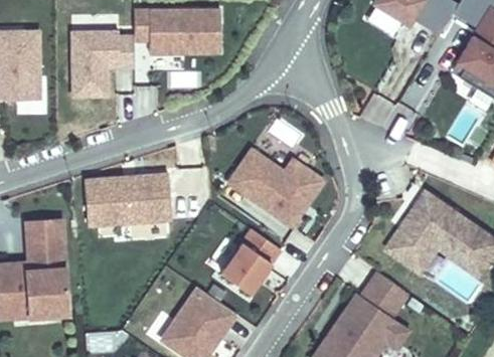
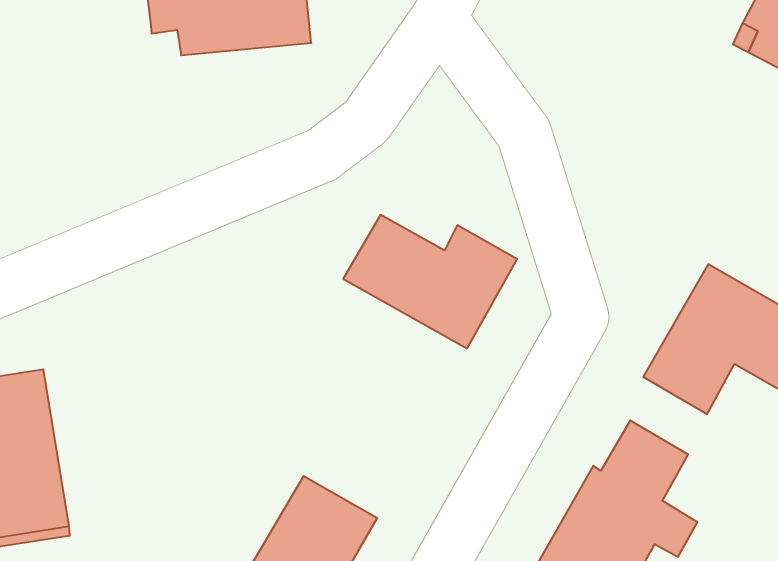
building: [71,30,134,96] -> none
building: [81,170,171,222] -> none
building: [219,229,280,295] -> none

